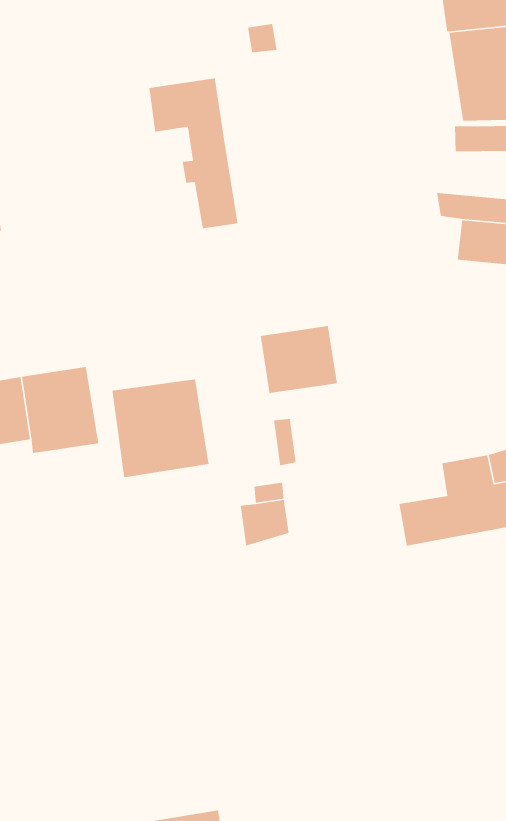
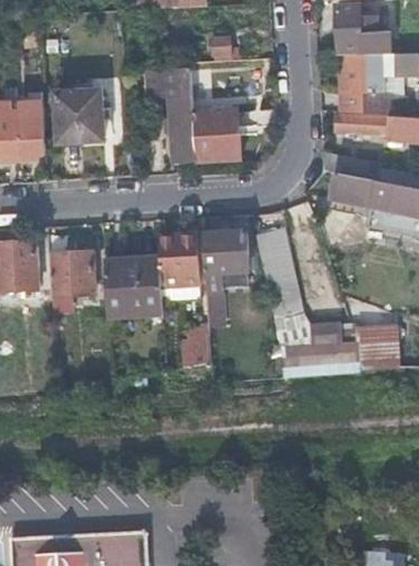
building: none -> [55,90,105,142]
building: none -> [192,107,235,161]
building: none -> [256,229,311,349]
building: none -> [158,235,198,285]

